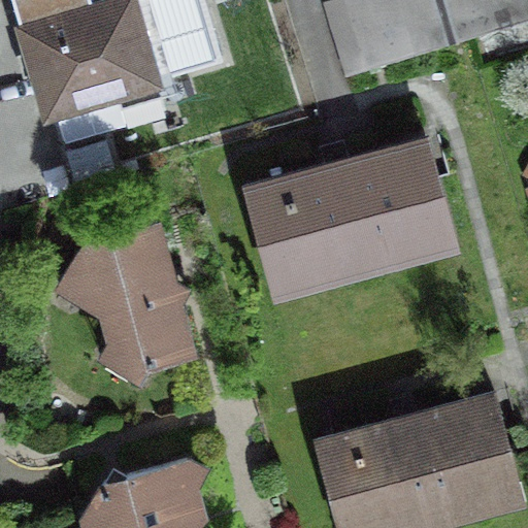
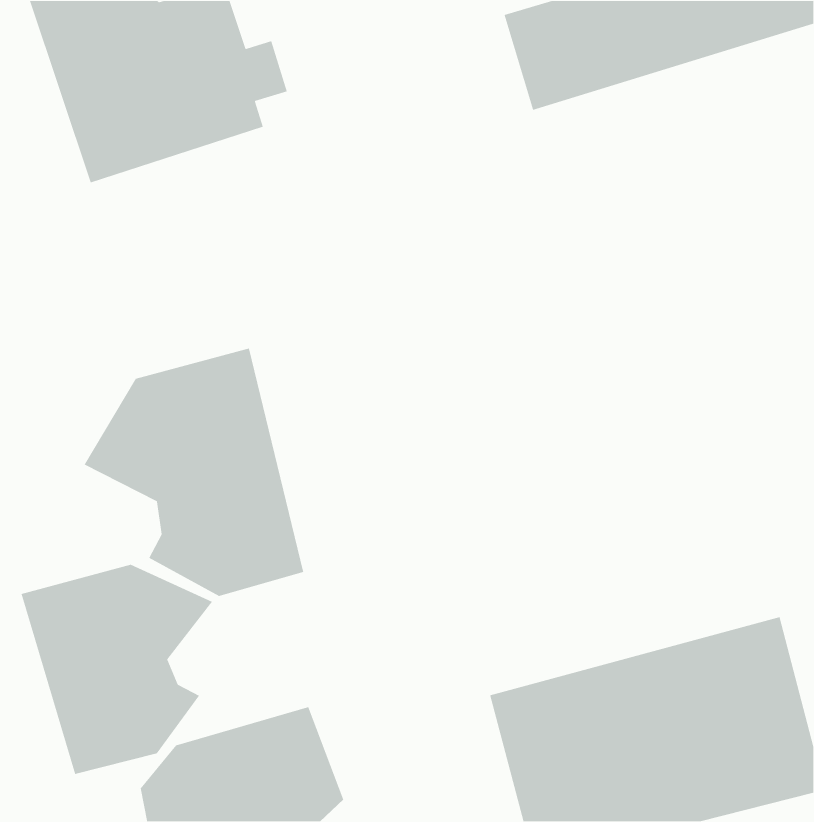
building: [243,141,452,304] -> none
building: none -> [21,564,213,775]

